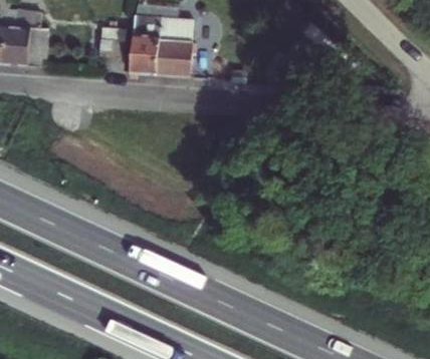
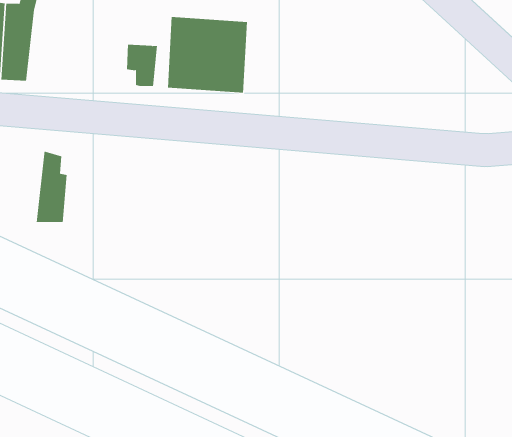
building: [23,10,47,64] -> [36,151,68,222]

